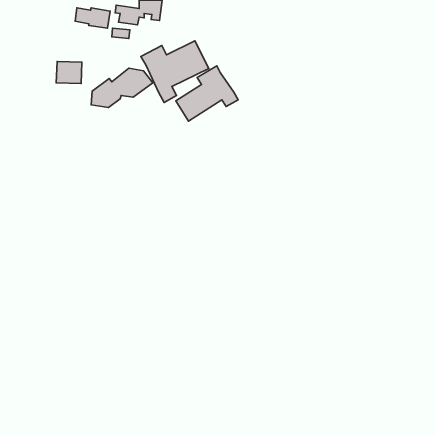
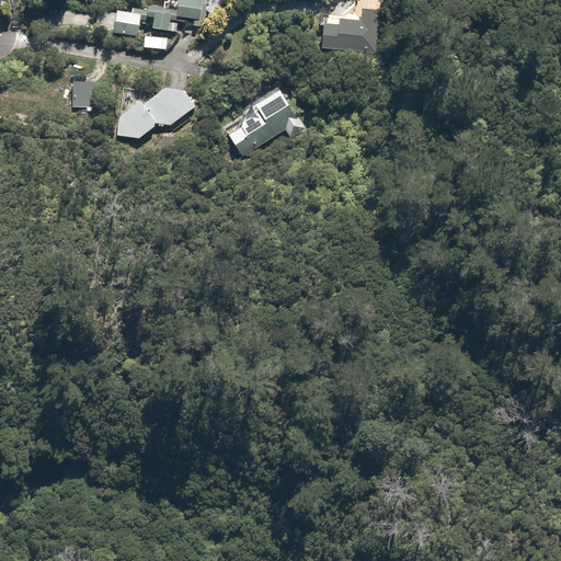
building: none -> [320,9,377,47]
building: [141,41,209,103] -> none

